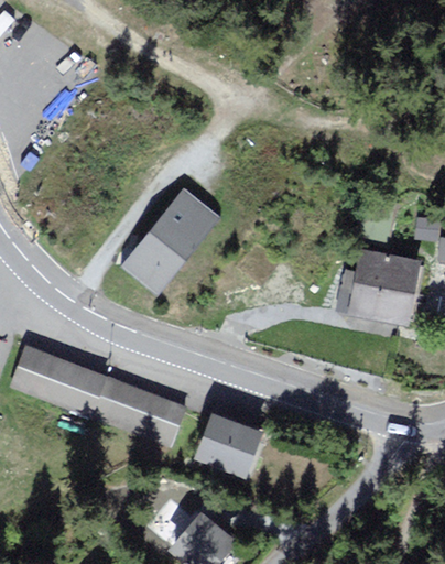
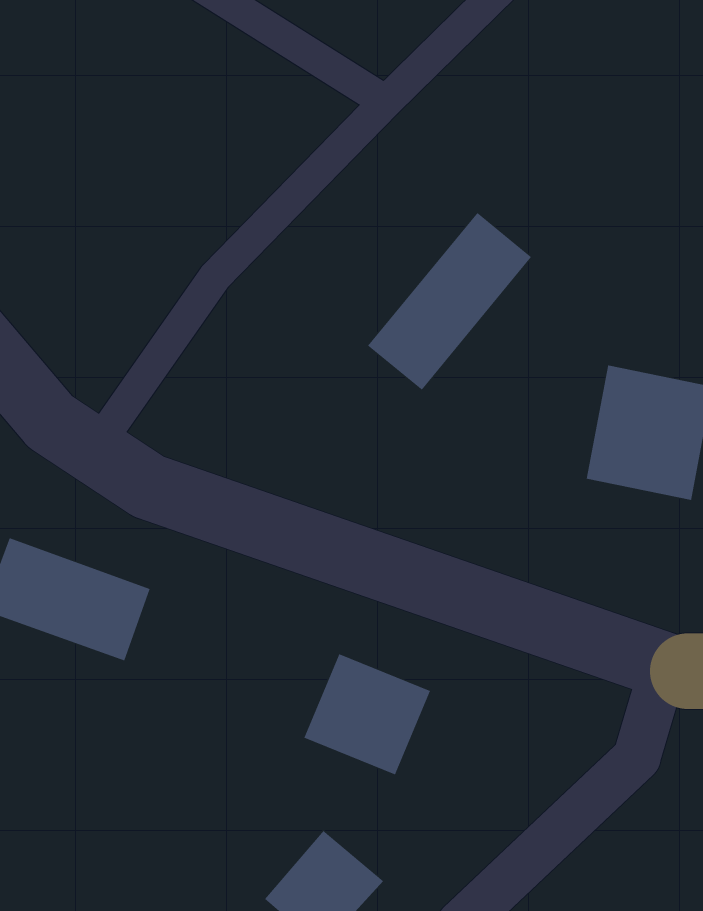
building: [122,193,215,293] -> [367,212,532,391]
building: [91,376,186,446] -> none

